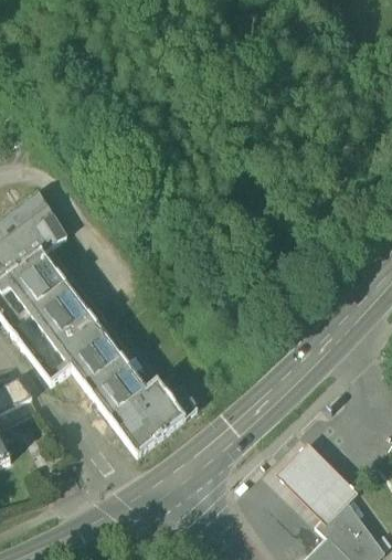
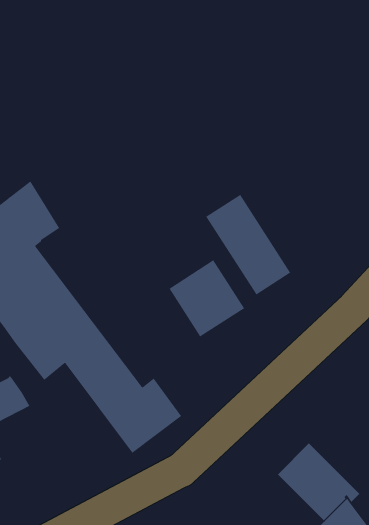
building: none -> [205,194,291,296]
building: none -> [168,259,245,337]

